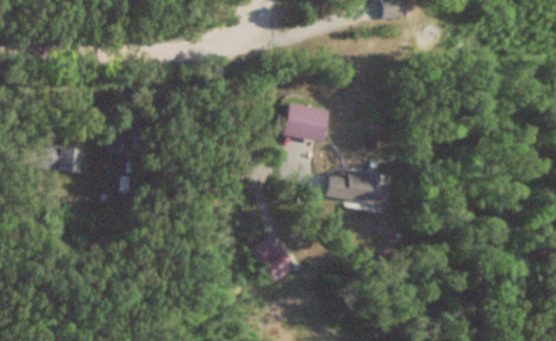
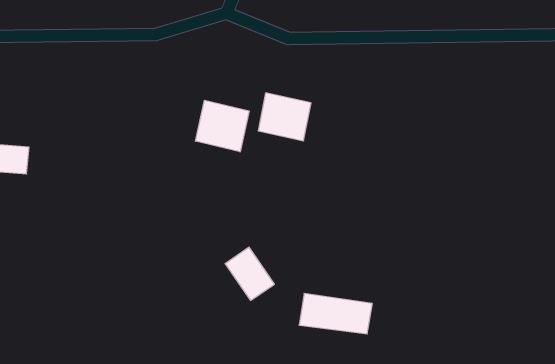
building: none -> [195,100,249,152]
building: [326,169,390,205] -> [299,293,372,334]

